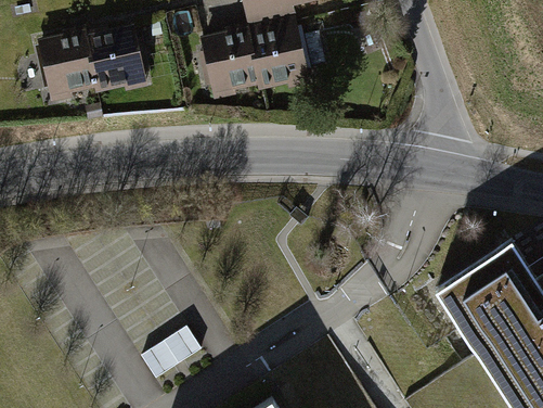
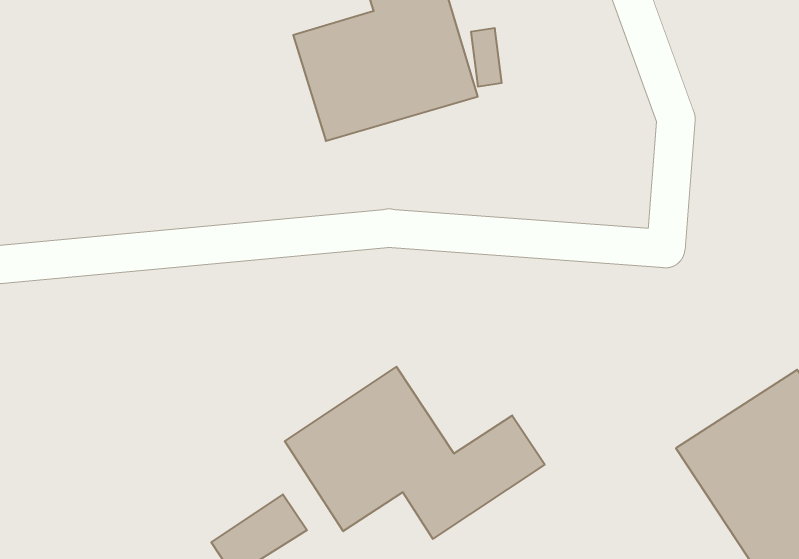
building: [36,21,147,109] -> none
building: none -> [285,367,545,539]

